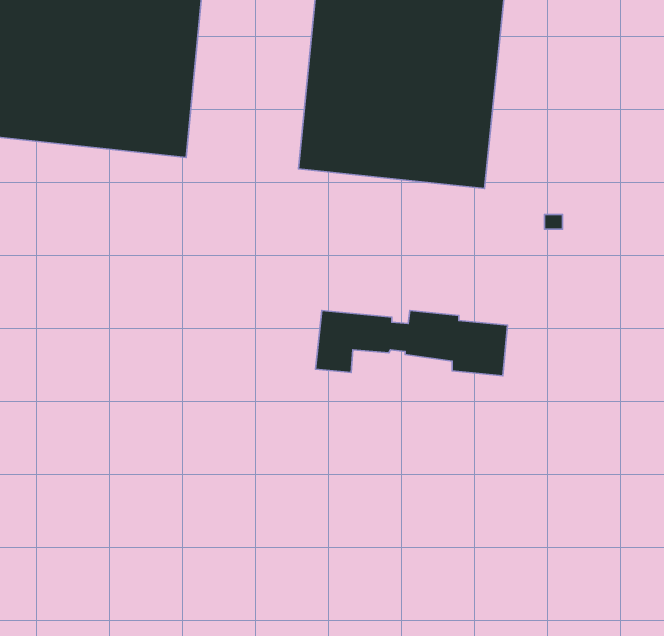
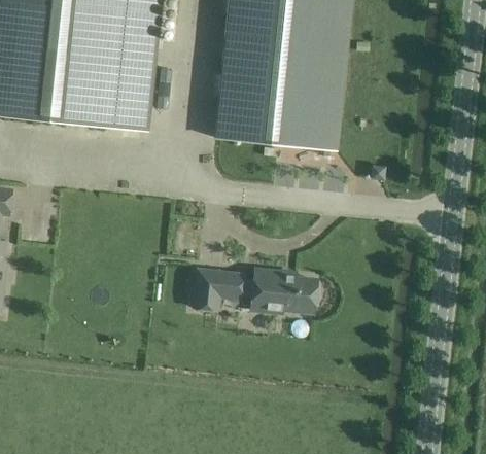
building: [315,311,508,376] -> [195,271,316,312]

